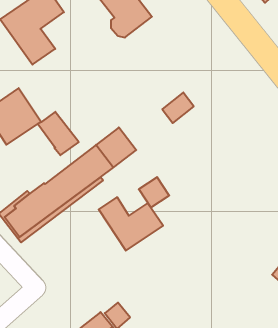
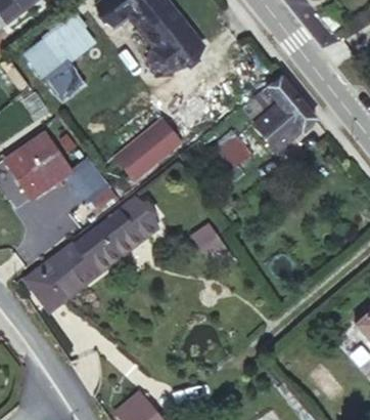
building: none -> [253,74,316,151]
building: none -> [115,121,178,179]
building: [99,197,163,251] -> none

